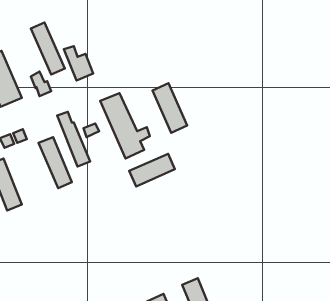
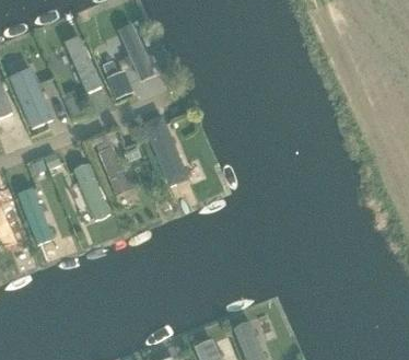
building: none -> [117,22,154,80]
building: [152,83,187,133] -> none
building: [129,154,175,186] -> none

